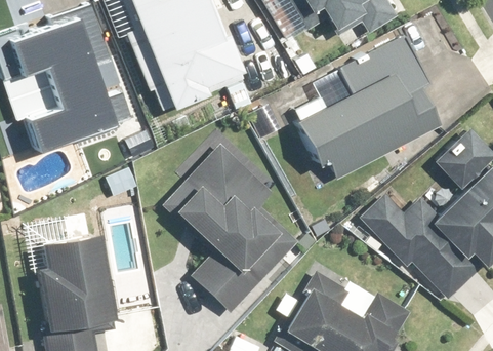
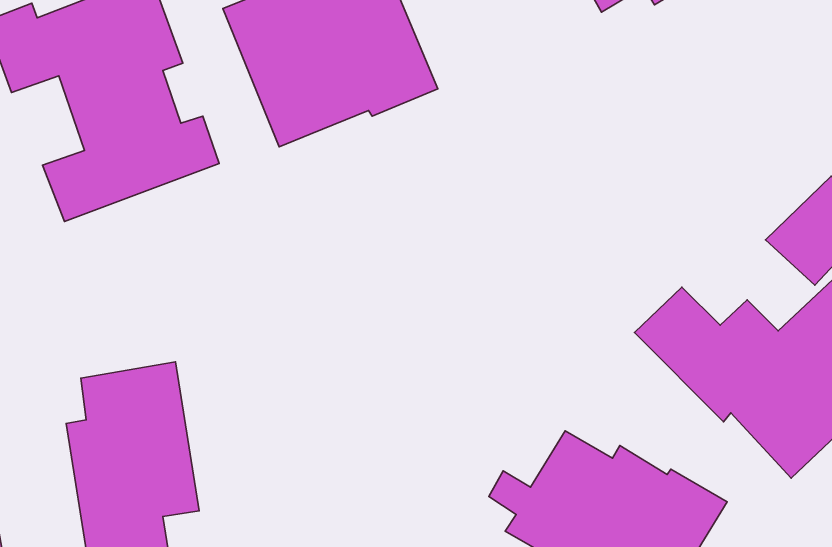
building: [292,39,443,176] -> none
building: [167,145,299,314] -> none

